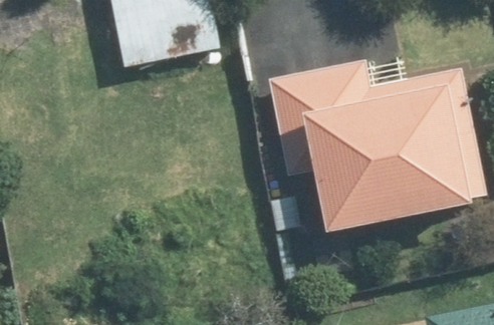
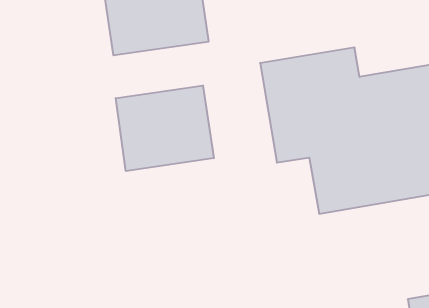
building: none -> [116,85,214,171]

